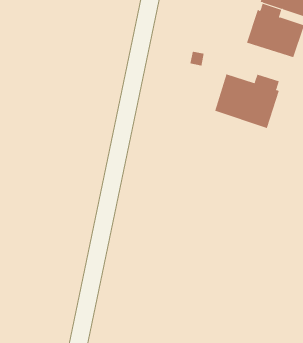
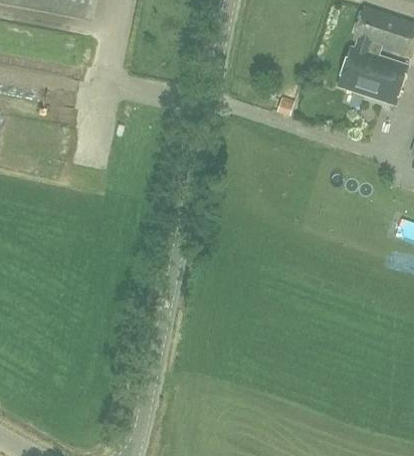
building: [214,74,280,129] -> none

